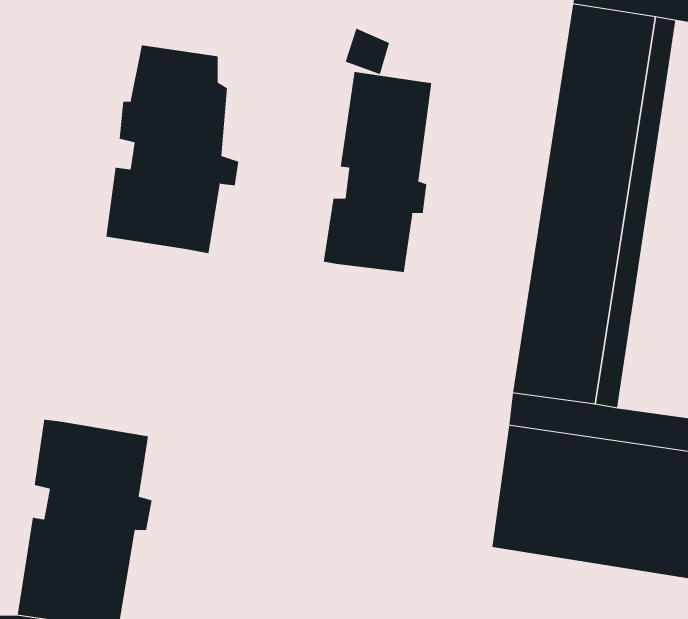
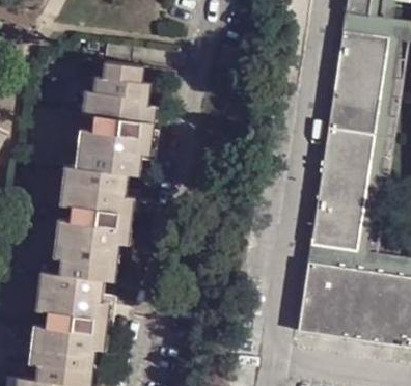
building: [323,71,432,273] -> none
building: none -> [59,157,133,269]

